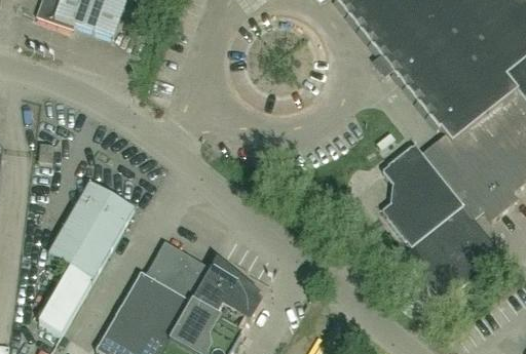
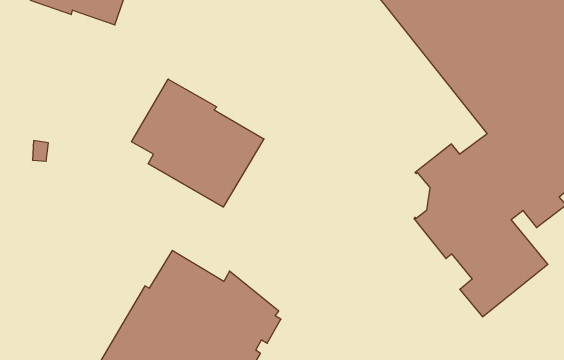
building: none -> [132,79,264,207]
building: [39,183,135,333] -> none

